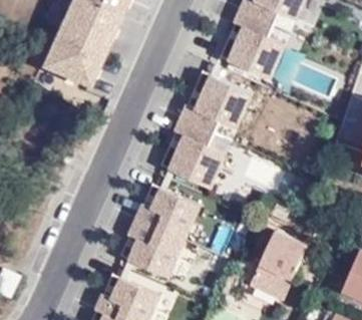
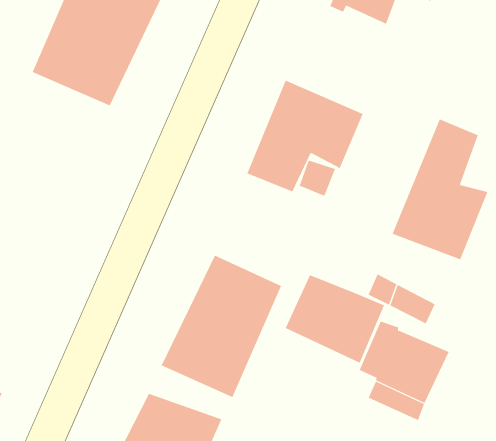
building: [223,21,284,77] -> none
building: none -> [392,118,488,260]
building: [159,130,225,189] -> [285,275,385,364]

